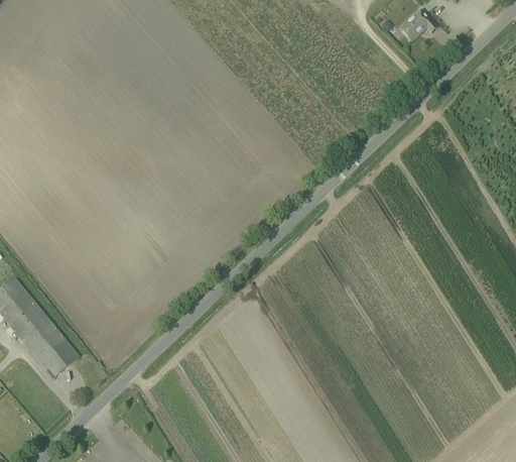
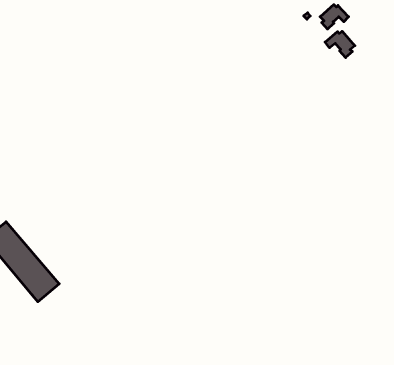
building: none -> [325,31,355,58]

